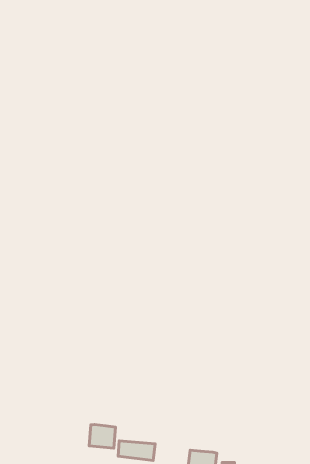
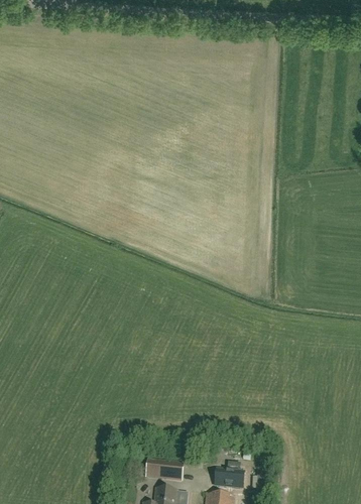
building: [89,425,115,448] -> none

